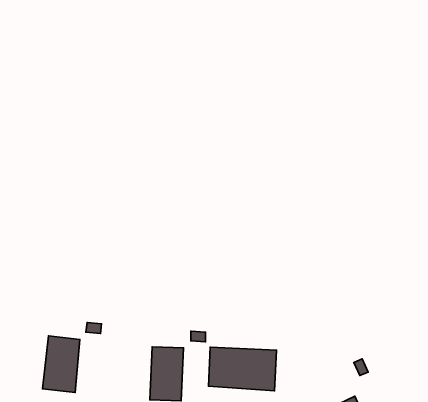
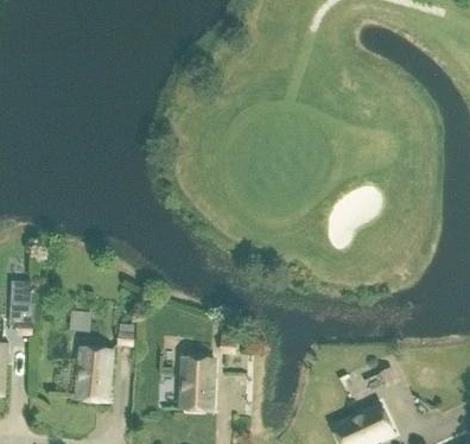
building: [208,347,276,391] -> none

